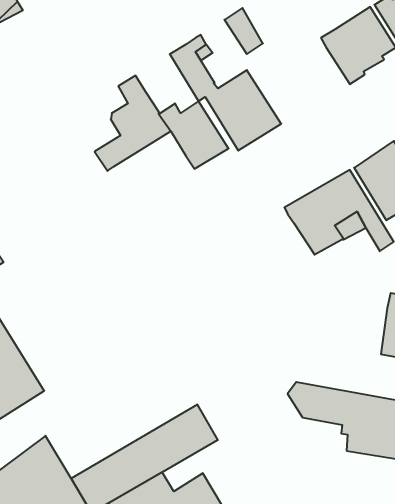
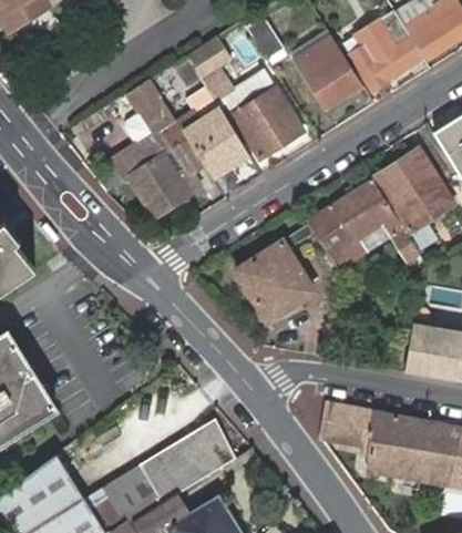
building: none -> [296,39,363,111]
building: none -> [130,141,204,215]
building: none -> [238,226,316,321]

